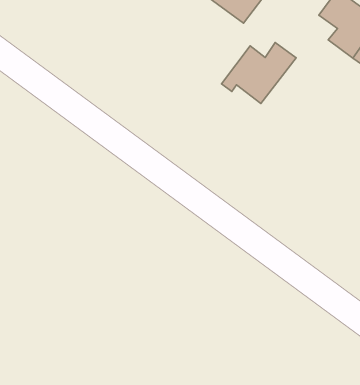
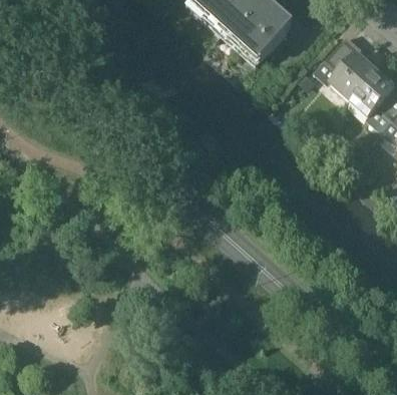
building: [222,43,296,104] -> none

